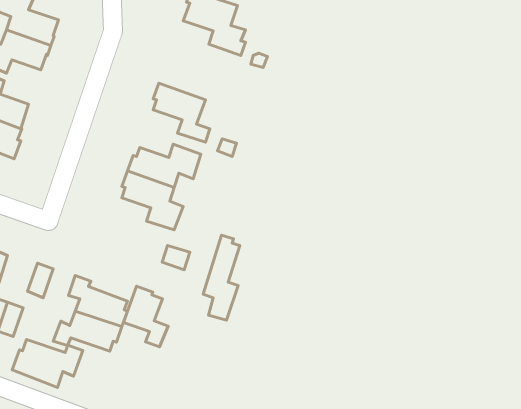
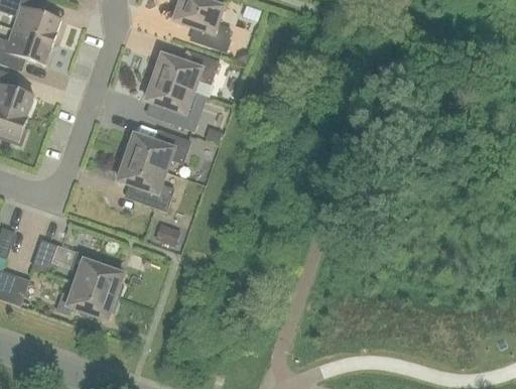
building: none -> [151,51,218,91]
building: [203,235,240,320] -> none
building: [123,286,168,347] -> none
building: [12,339,83,387] -> none

